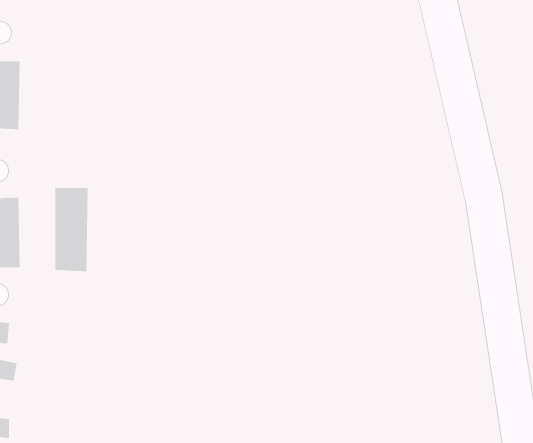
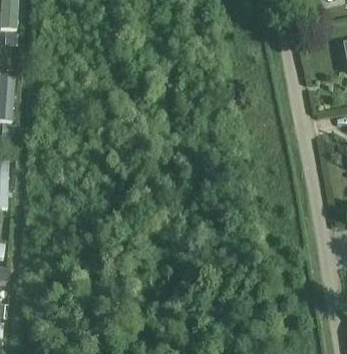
building: [54,187,88,272] -> none

